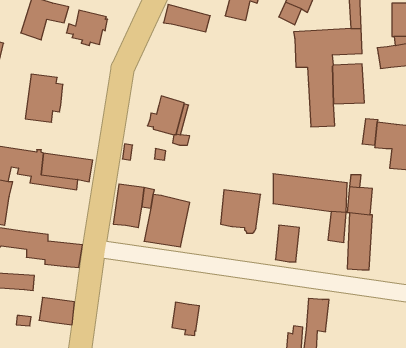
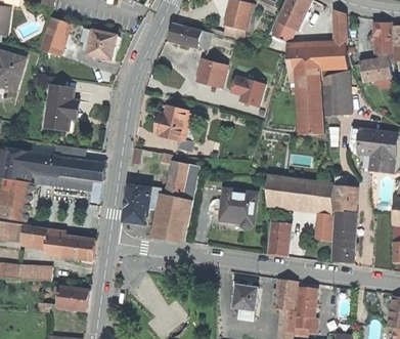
building: none -> [197,59,226,88]
building: none -> [229,76,264,107]
building: none -> [166,160,198,201]
building: none -> [274,279,296,309]
building: [172,302,199,335] -> [232,284,257,313]

